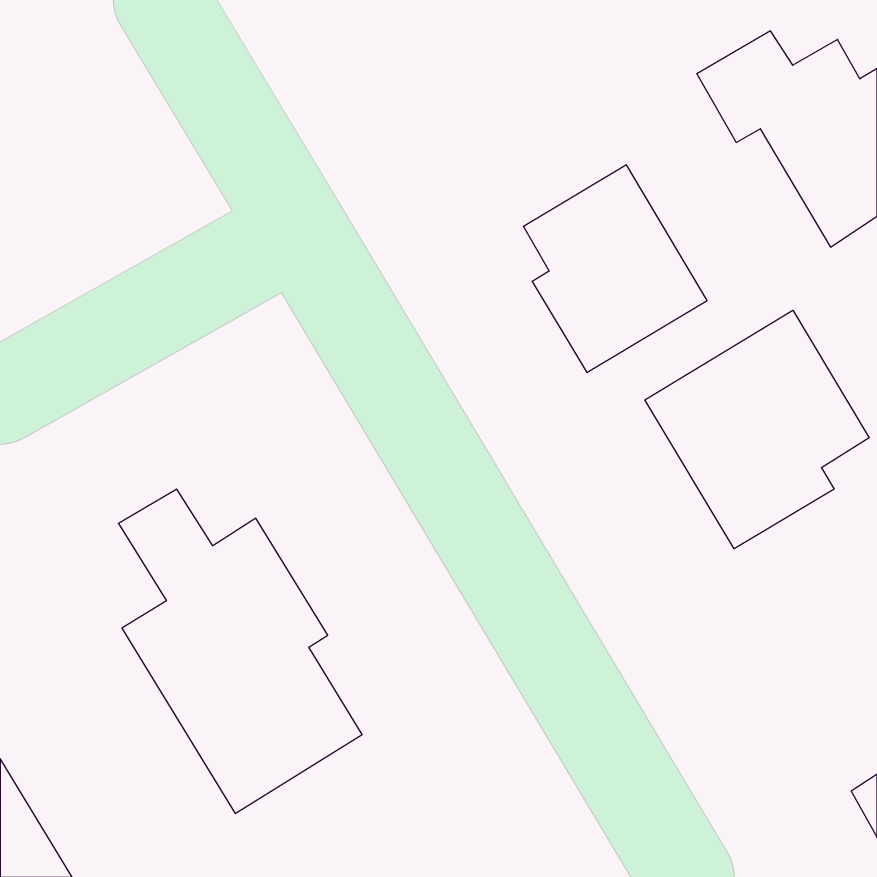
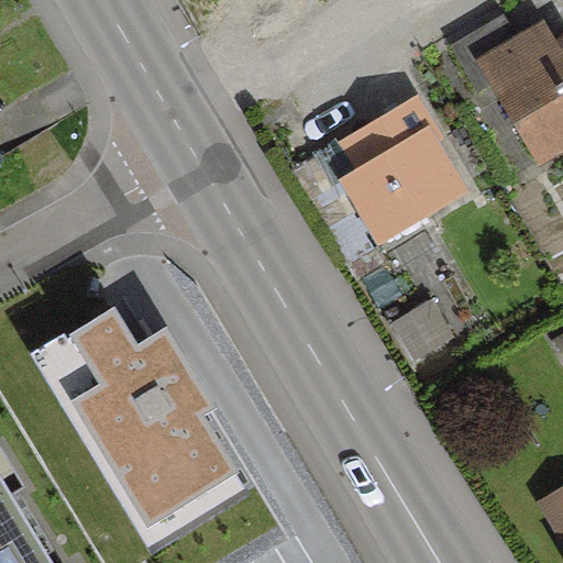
building: [645,310,869,549] -> none

